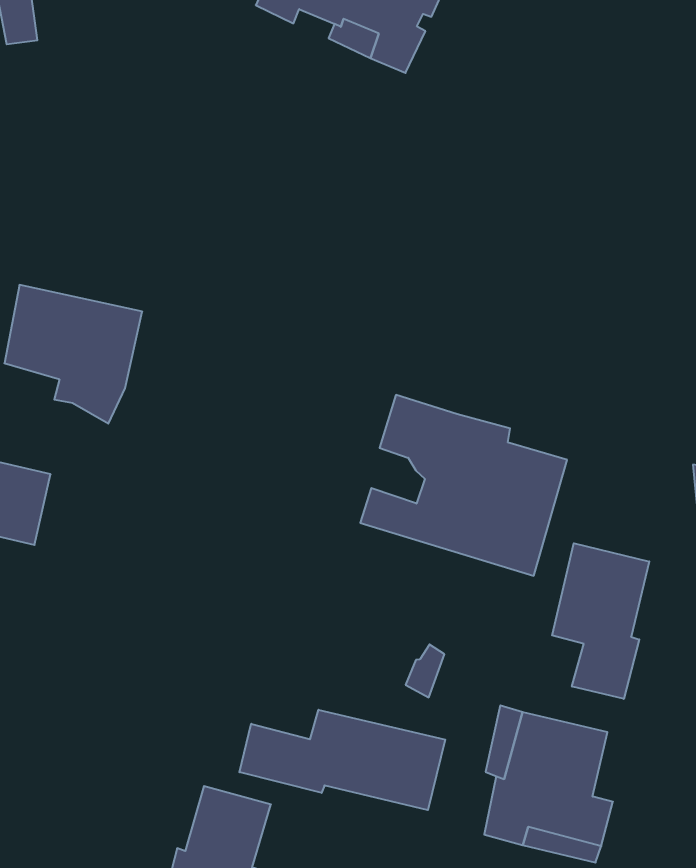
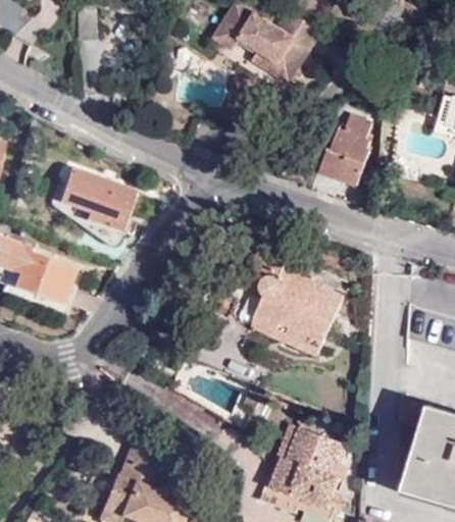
building: none -> [323,118,372,188]
building: [552,543,649,699] -> none
building: [239,710,445,810] -> none

